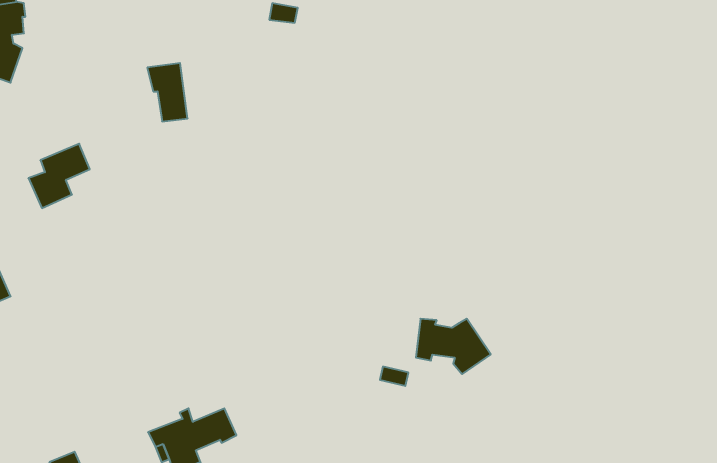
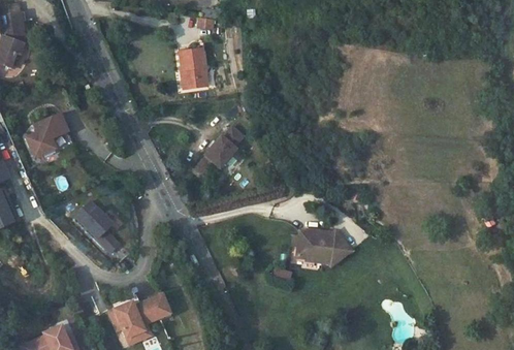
building: [147,63,188,121] -> [174,47,202,88]
building: none -> [193,129,240,178]
building: none -> [74,202,117,254]

